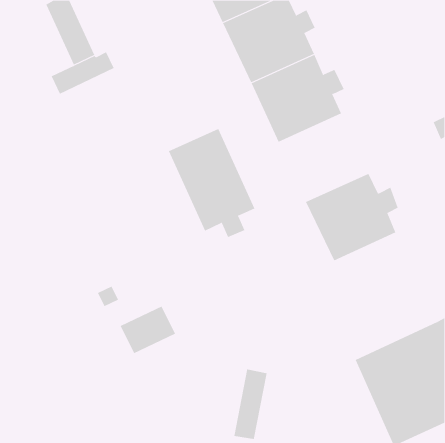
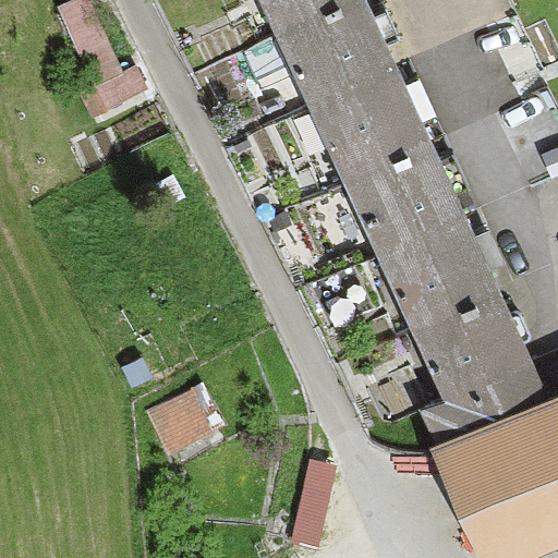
building: none -> [347,146,464,256]
building: [168,128,255,238] -> none
building: none -> [416,294,545,453]

